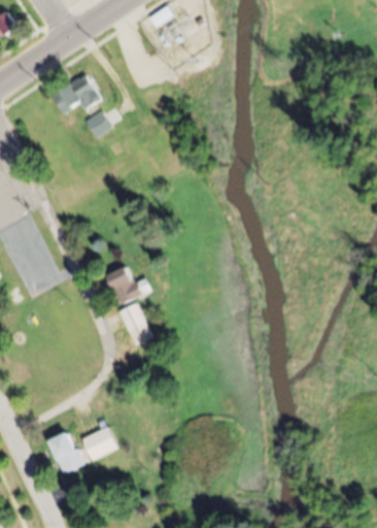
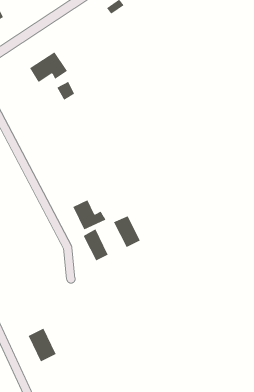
building: none -> [113,215,140,248]
building: [82,425,118,459] -> none

